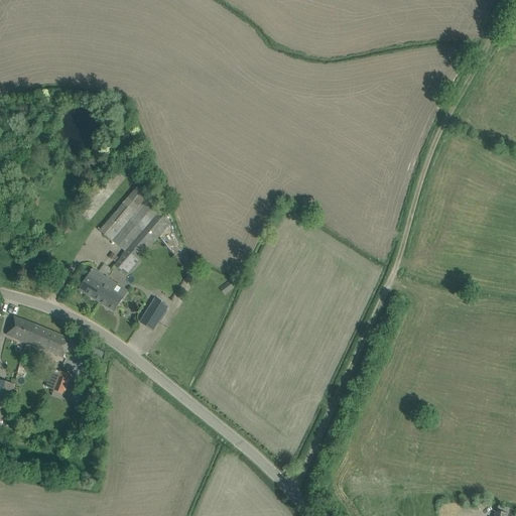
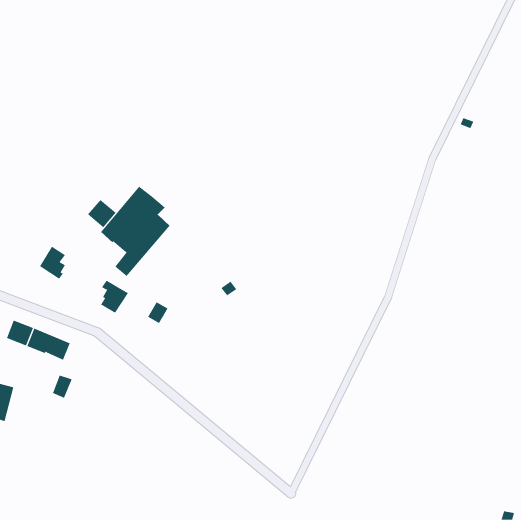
building: none -> [87,199,116,228]
building: [79,267,105,300] -> [39,246,66,280]

